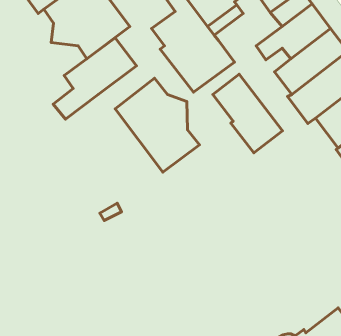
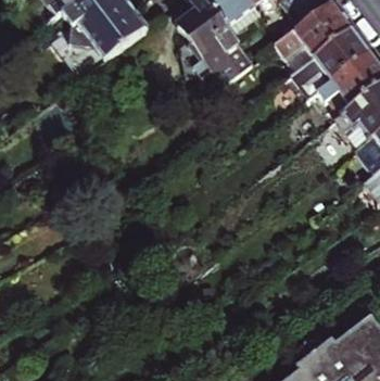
building: [53,38,136,119] -> none
building: [213,74,283,153] -> none
building: [115,78,199,172] -> none

